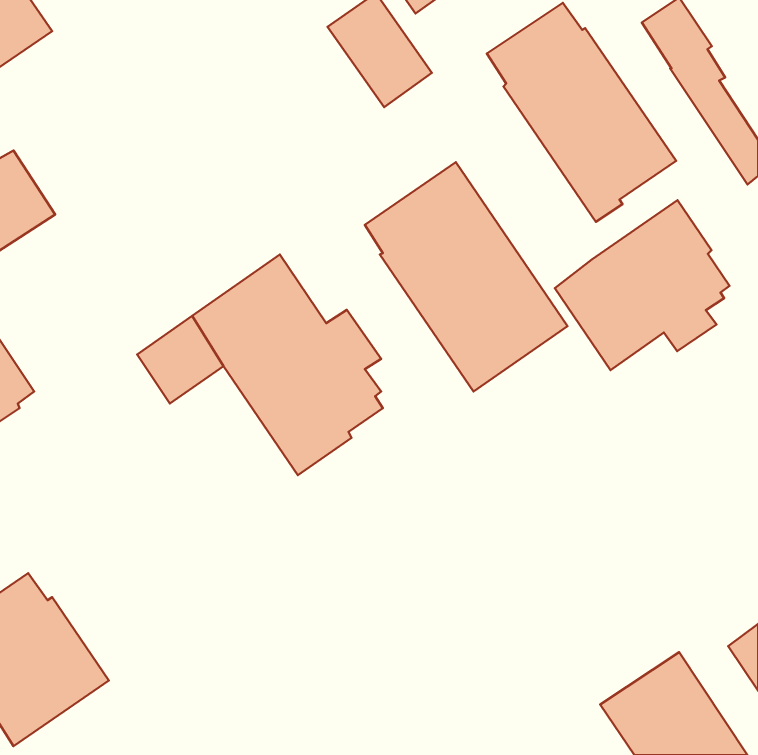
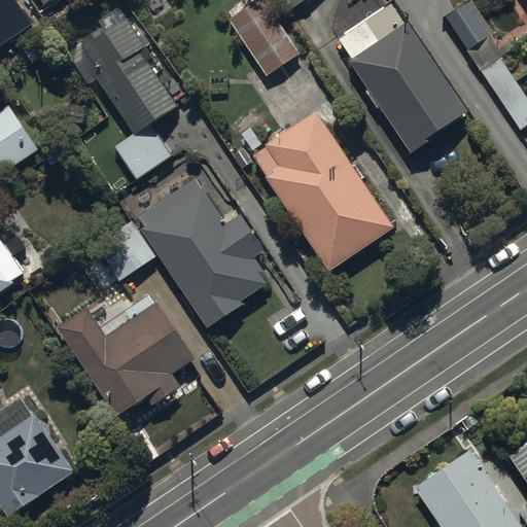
building: none -> [69,16,177,179]
building: [555,200,729,370] -> none
building: none -> [59,293,195,415]

